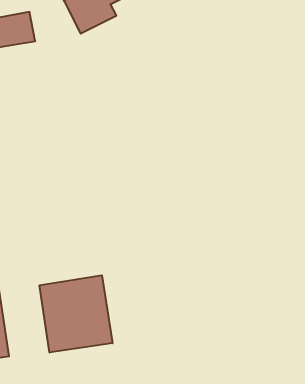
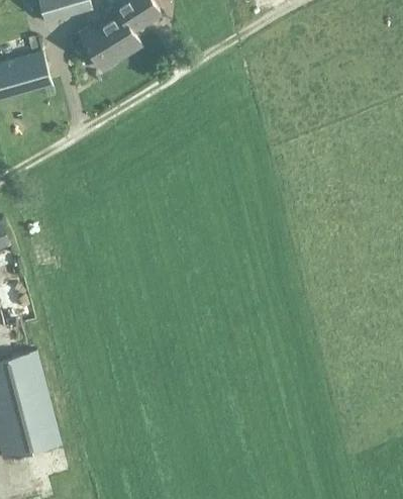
building: [40,275,112,353] -> none

